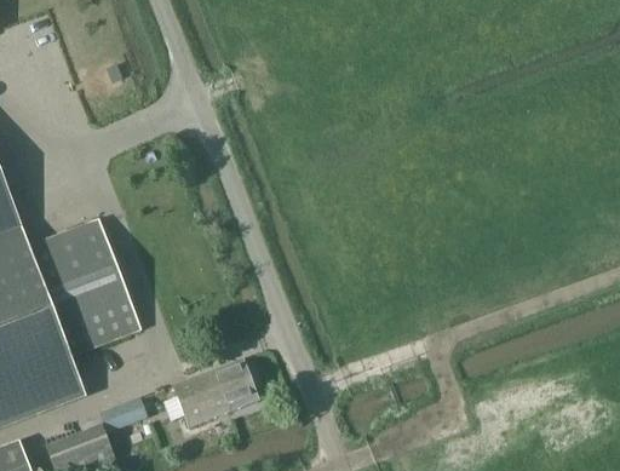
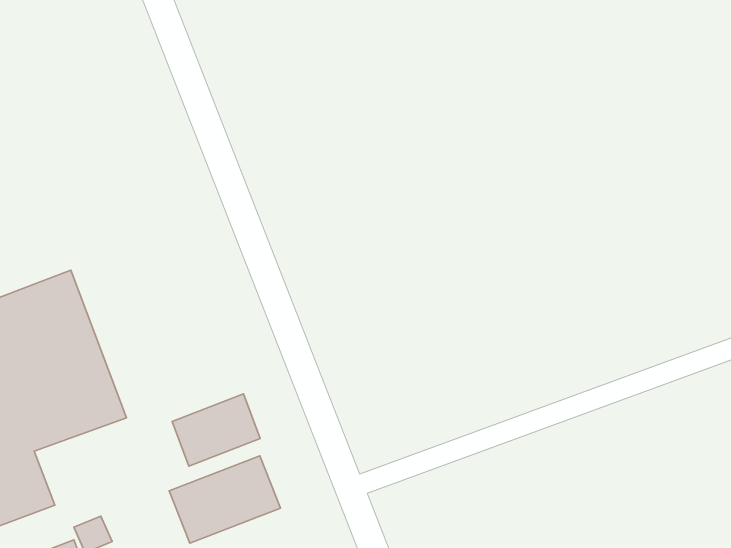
building: none -> [172,394,260,466]

